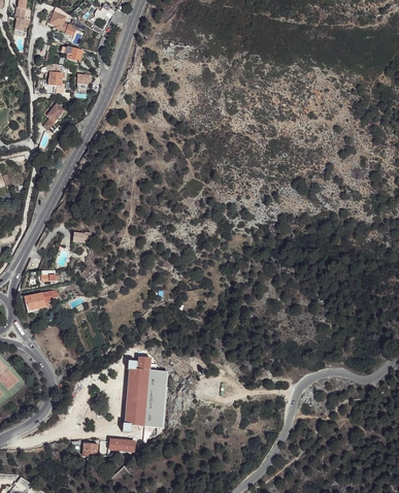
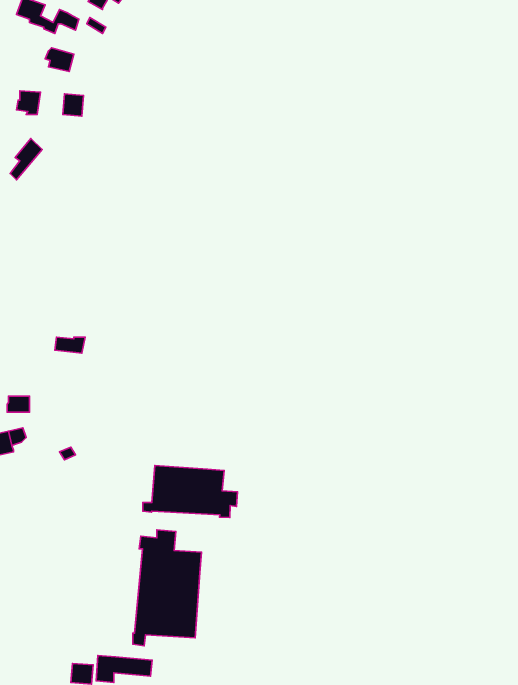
building: none -> [143,465,238,518]

